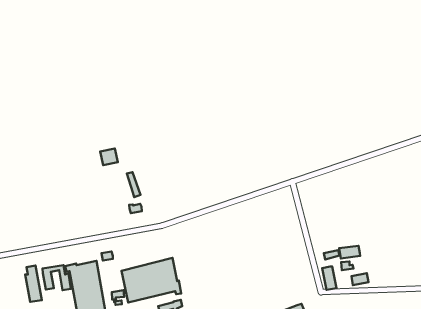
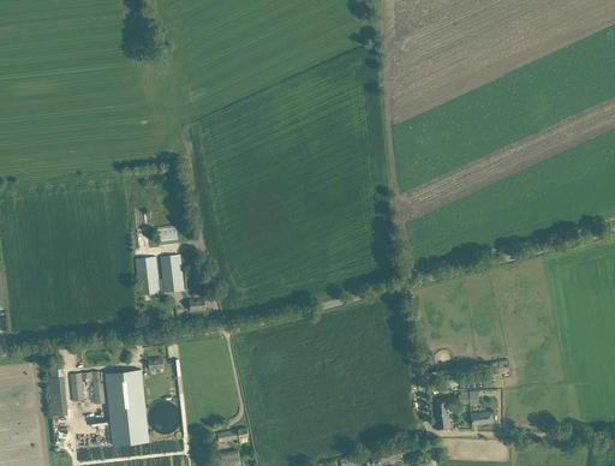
building: none -> [135,255,183,294]
building: [122,258,181,302] -> none

